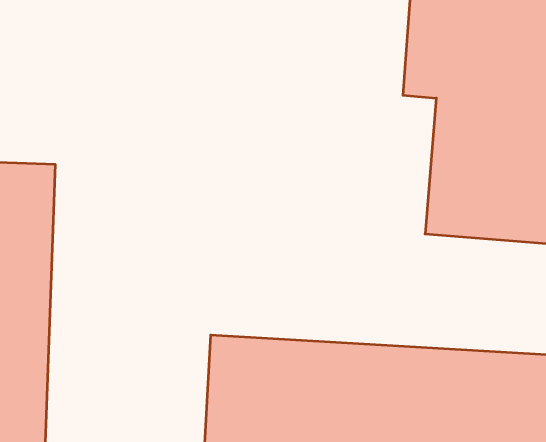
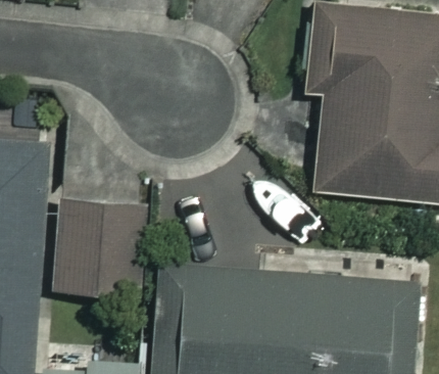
building: none -> [56,199,146,295]

